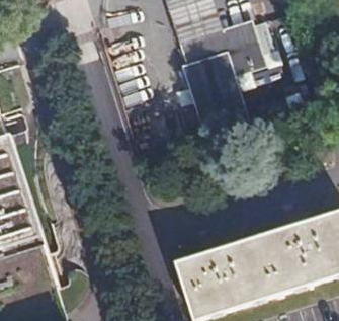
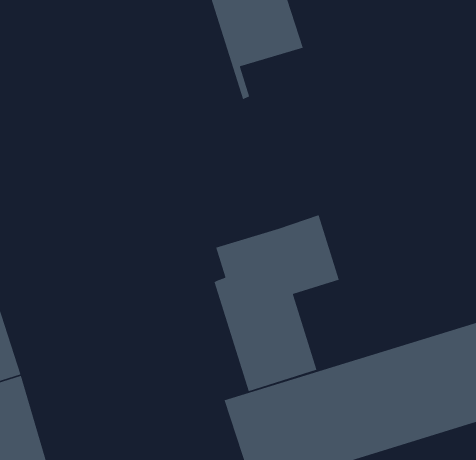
building: [185,25,266,140] -> [213,214,340,392]

